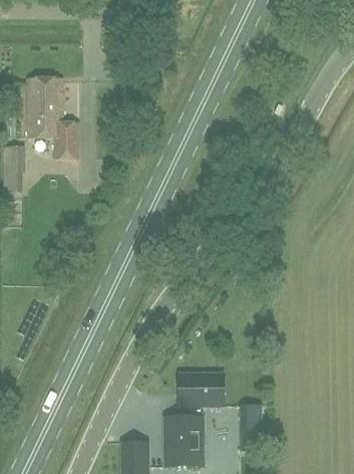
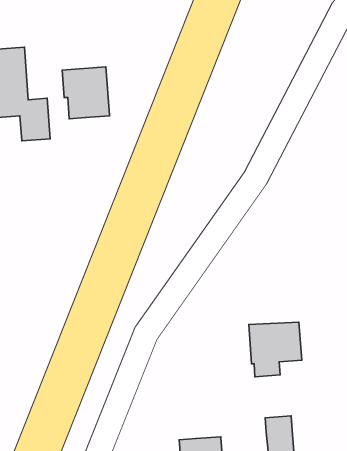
building: none -> [62,67,109,119]
building: [179,373,221,417] -> [249,322,302,377]

